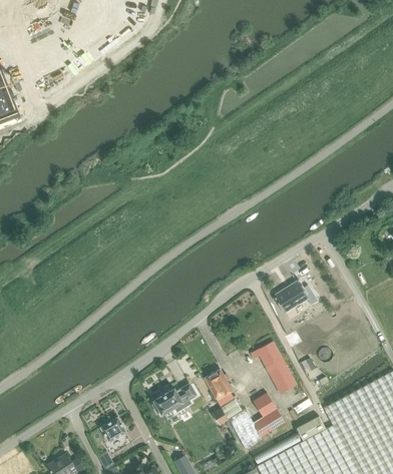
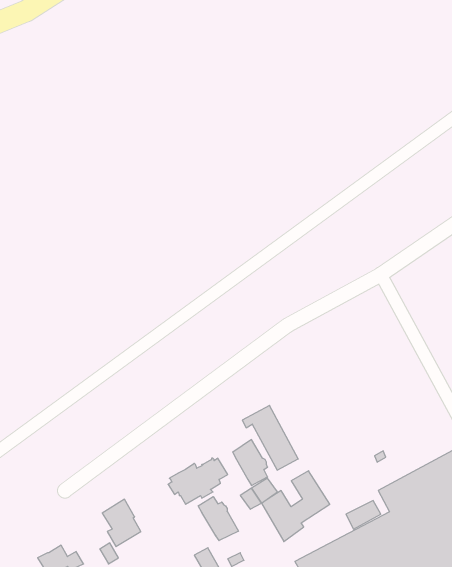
building: [275,282,317,311] -> none
building: [251,341,296,393] -> [242,405,298,470]
building: none -> [198,497,238,541]

